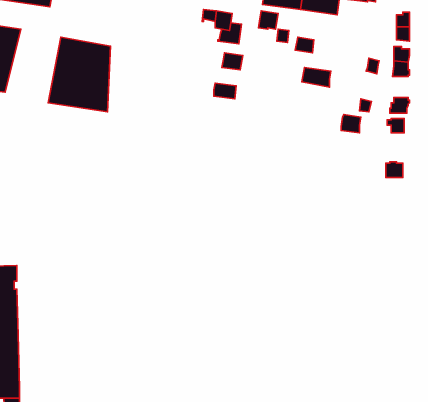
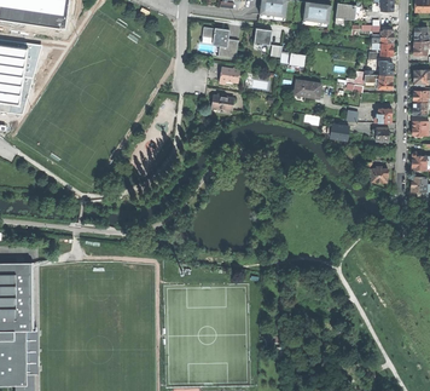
building: [48,37,111,112] -> none

